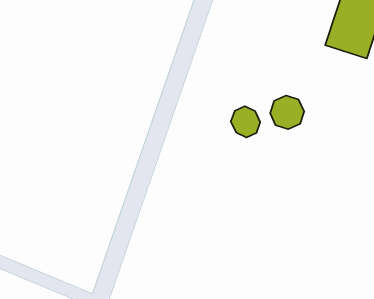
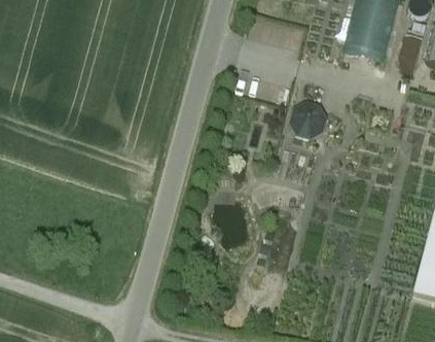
building: [231,106,260,137] -> none

